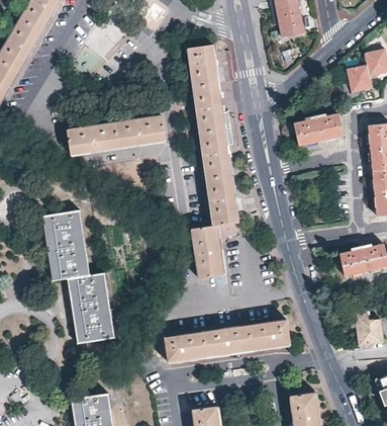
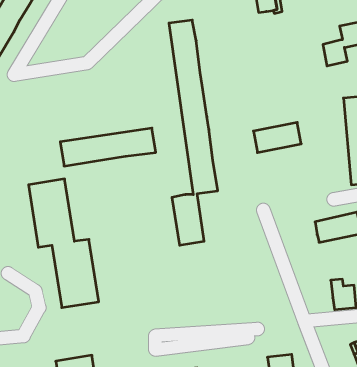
building: [294,114,344,146] -> [253,122,301,153]
building: [67,115,166,155] -> [60,128,156,166]
building: [164,319,290,362] -> none

